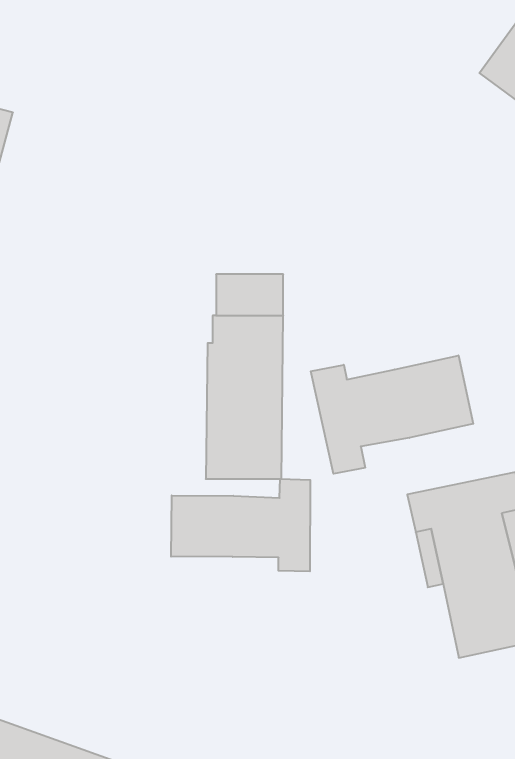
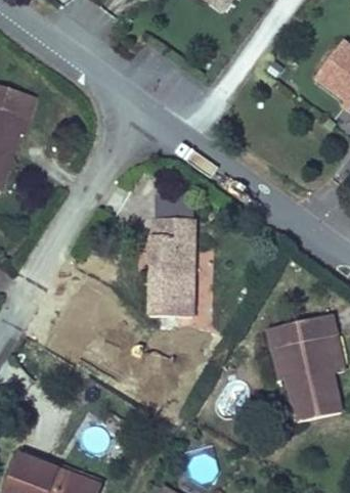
building: [311,355,473,474] -> none
building: [171,479,310,571] -> none

